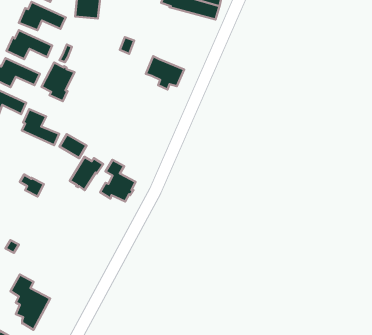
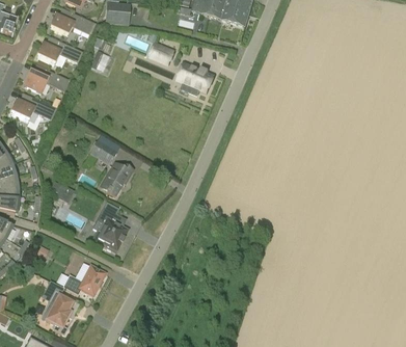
building: [41,63,74,101] -> none
building: [22,109,59,145] -> none
building: [100,160,136,202] -> [91,207,127,248]
building: none -> [62,264,105,295]

